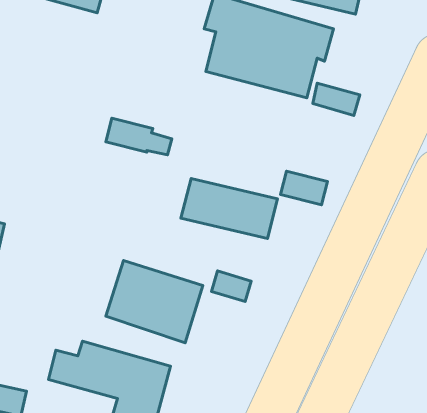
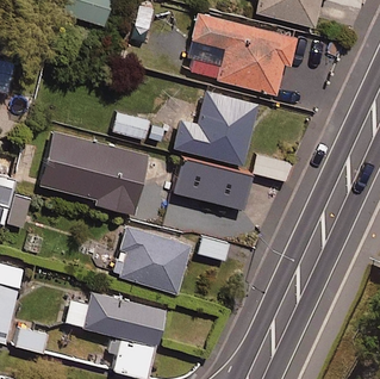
building: none -> [173,94,257,166]
building: none -> [41,133,148,216]

